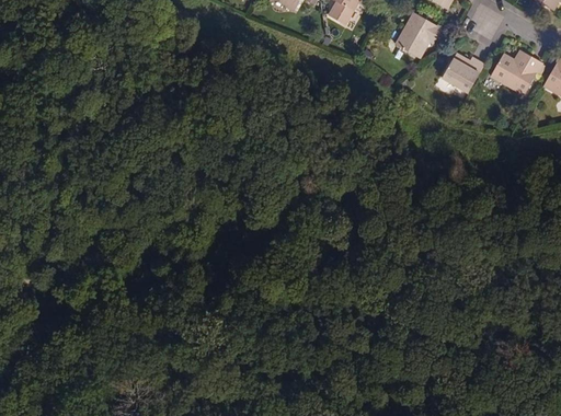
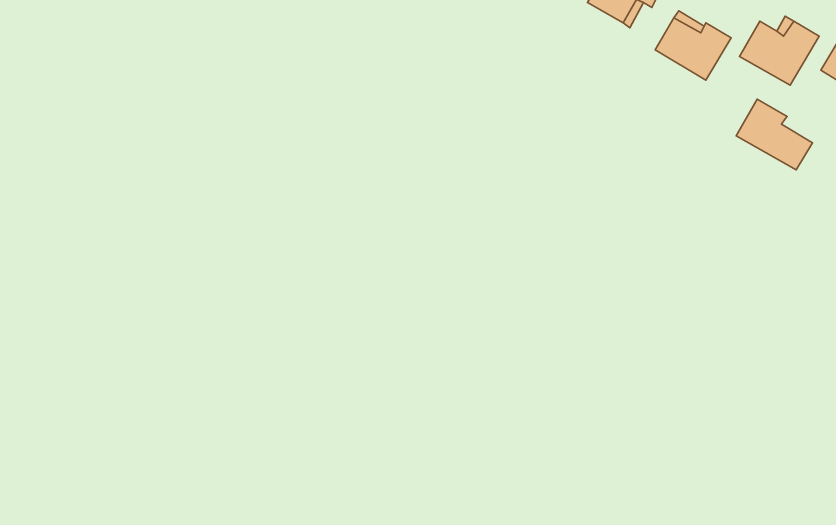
building: none -> [736,99,813,170]

